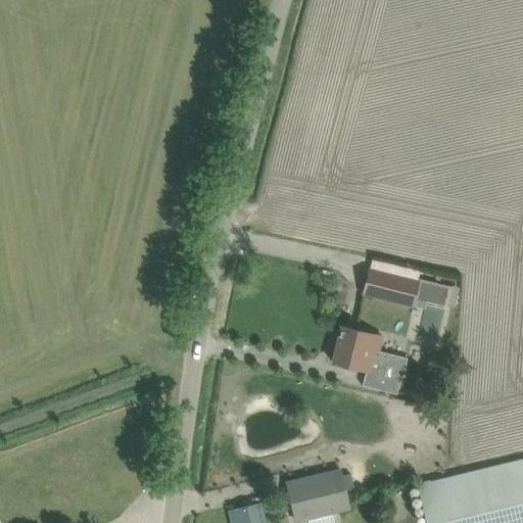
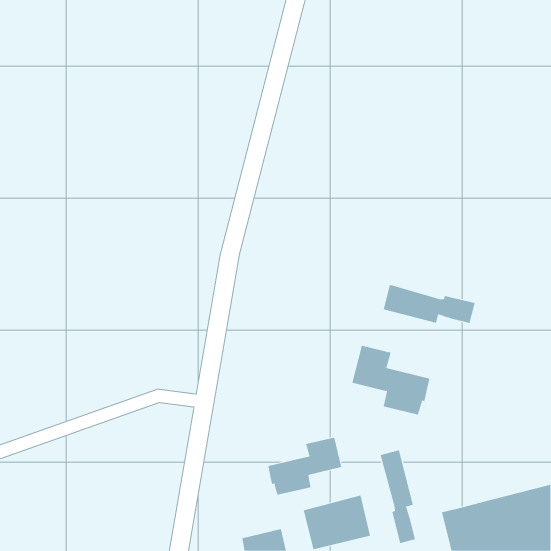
building: none -> [268,437,342,495]
building: none -> [380,449,415,544]

